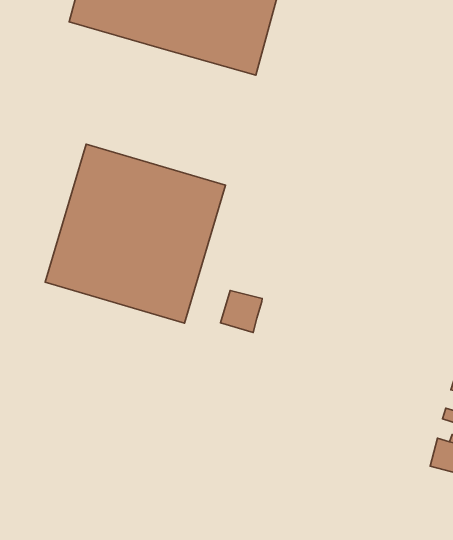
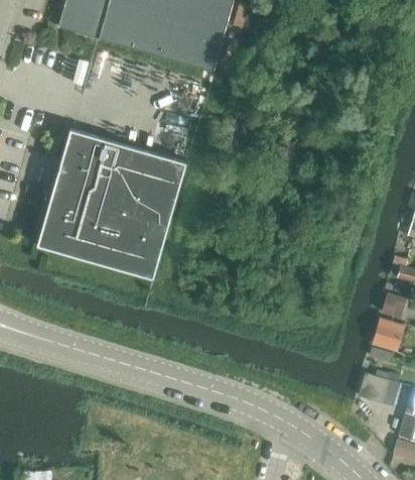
building: [221,291,262,332] -> none

